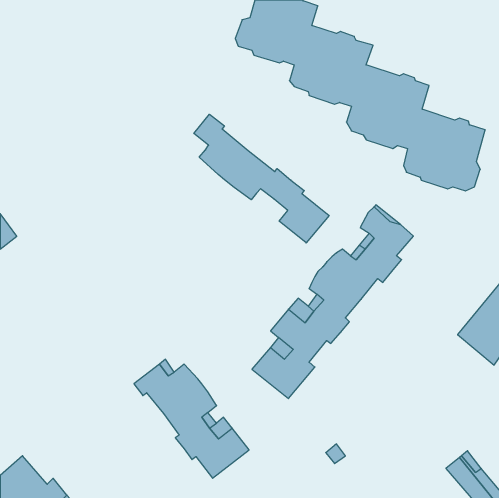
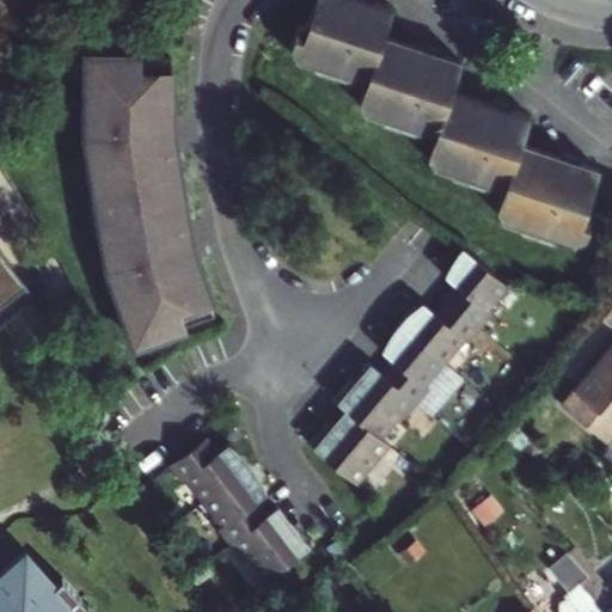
building: none -> [85,63,213,350]
building: [194,114,329,243] -> none

